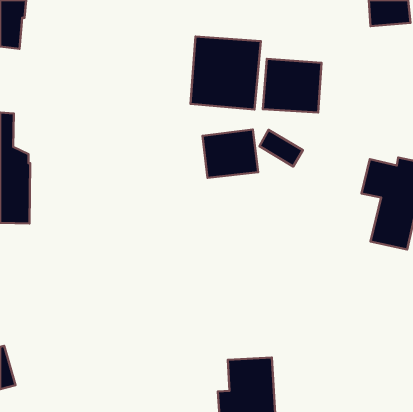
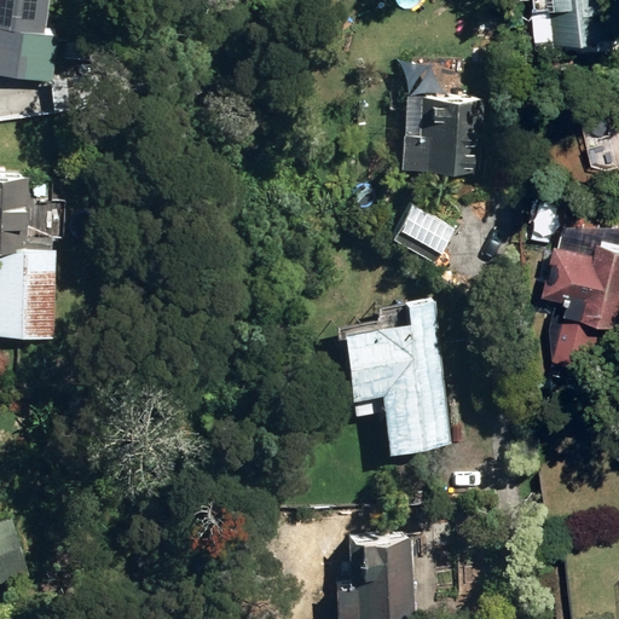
building: [190,37,261,109] -> none
building: [203,130,258,178] -> none
building: none -> [329,311,451,455]

